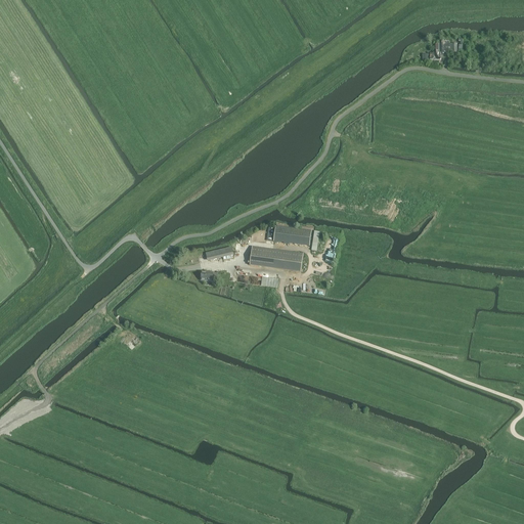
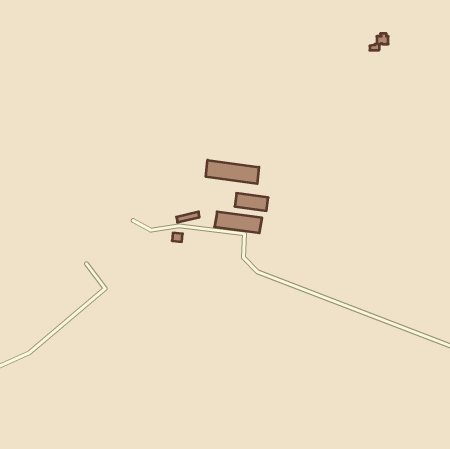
building: none -> [206,160,259,184]

